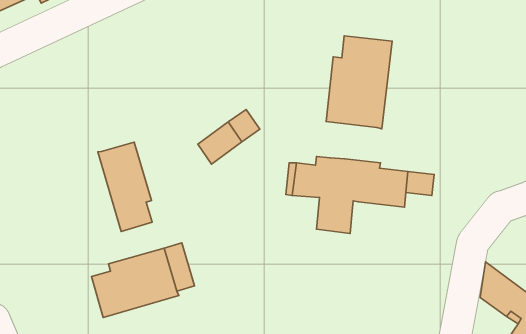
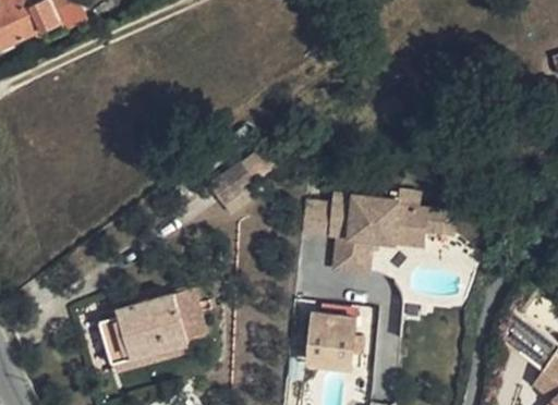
building: [326,36,392,129] -> none
building: [98,142,152,232] -> none
building: none -> [311,314,359,367]

